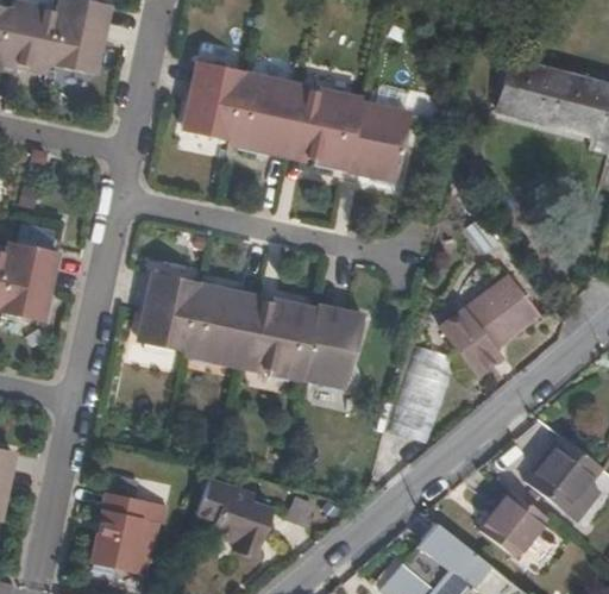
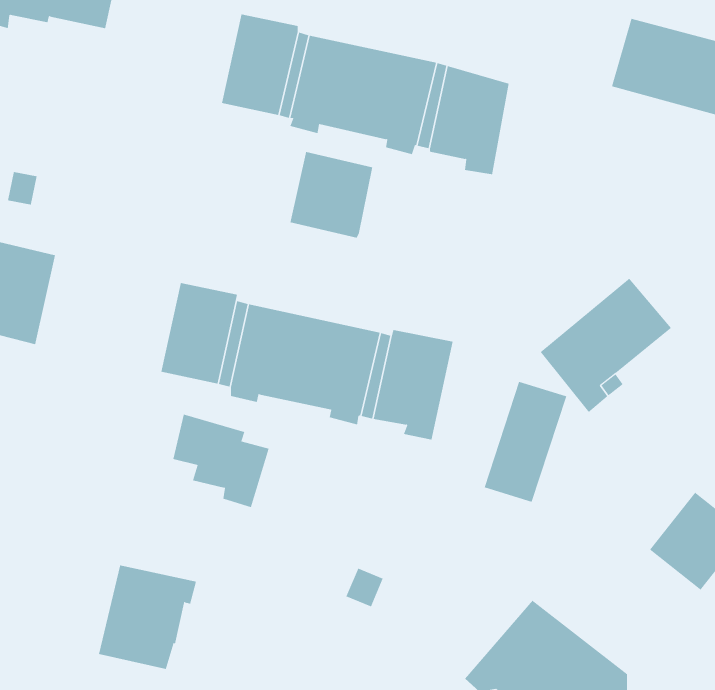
building: none -> [290,151,373,238]
building: [195,479,271,552] -> [172,414,270,508]
building: [477,487,542,554] -> none

